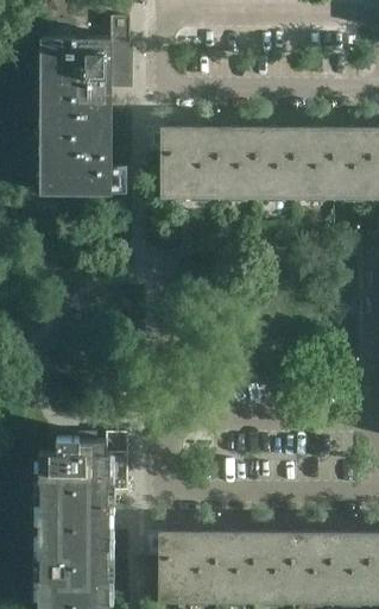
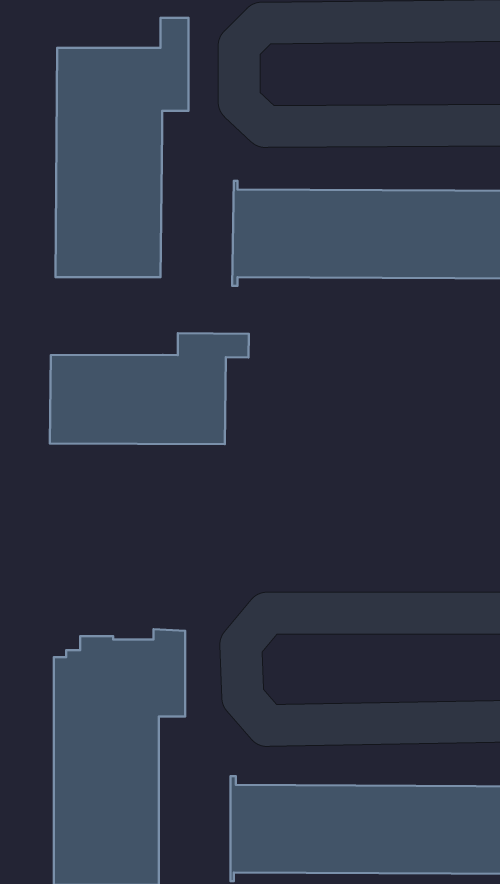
building: none -> [50,333,249,444]

